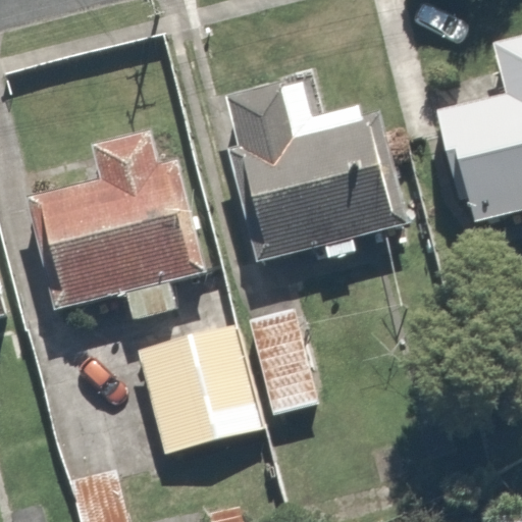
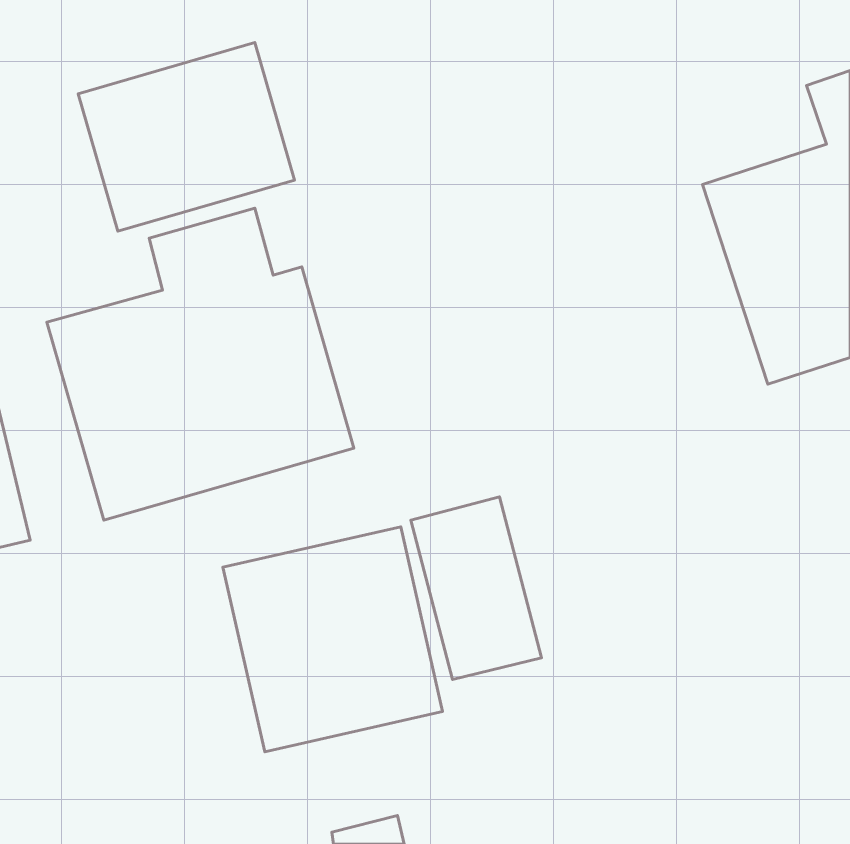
building: none -> [78,43,295,231]
building: [225,79,405,261] -> none

